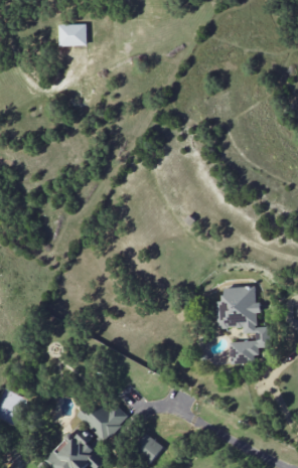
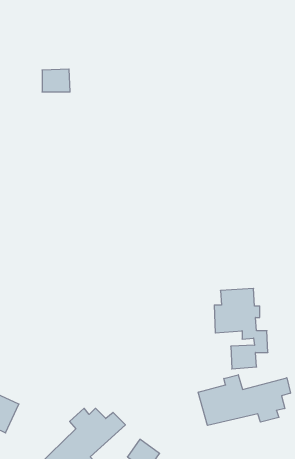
building: [59,23,87,45] -> [42,69,70,92]
building: none -> [198,375,290,425]

